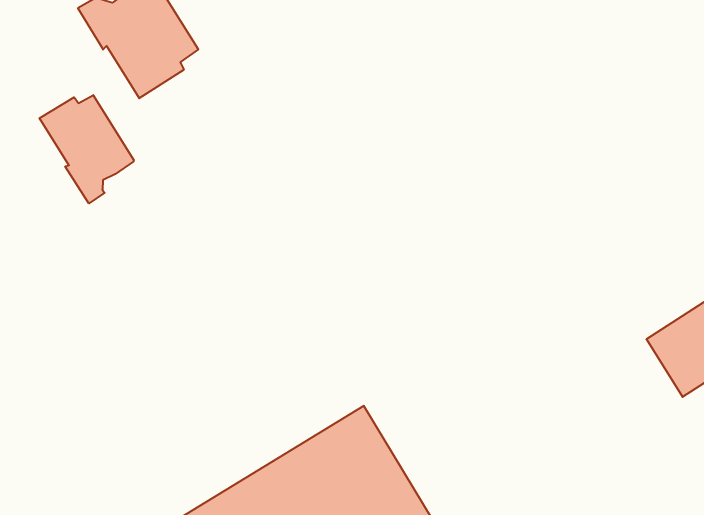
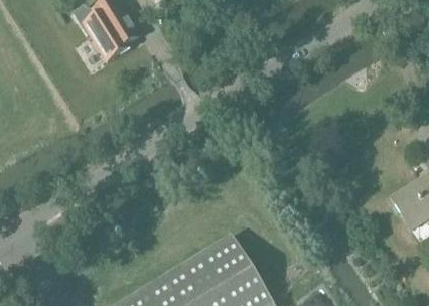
building: [39,95,134,203] -> none

